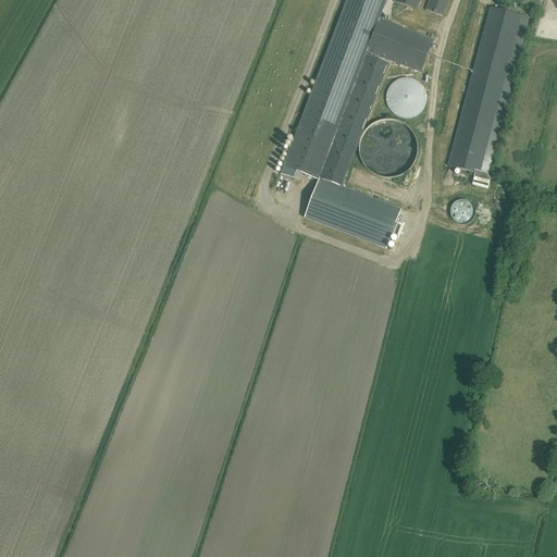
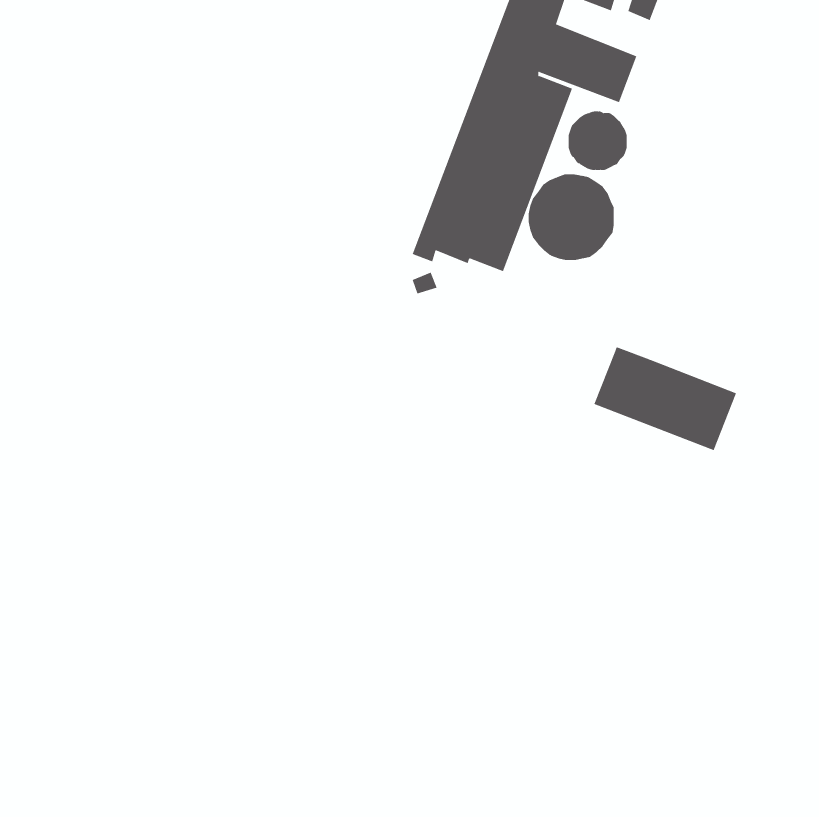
building: [447,5,528,181] -> none
building: [302,175,399,246] -> [594,346,737,451]

